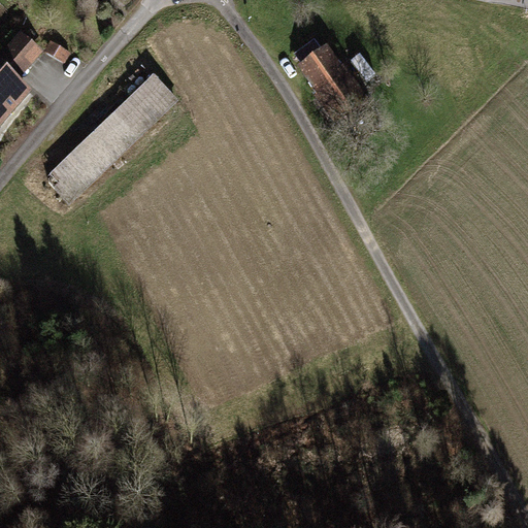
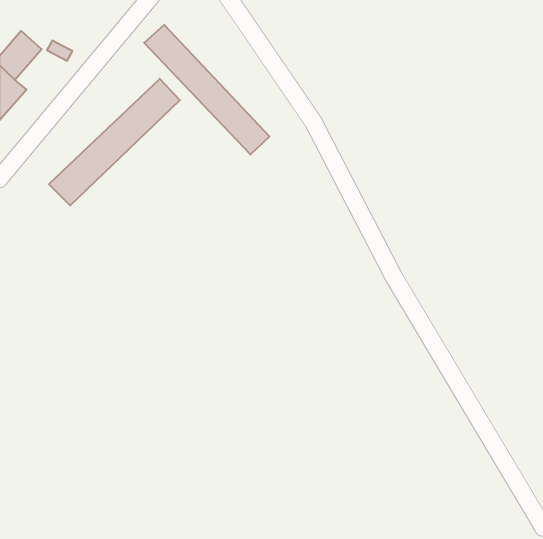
building: none -> [144,25,269,155]
building: [294,37,365,112] -> none

